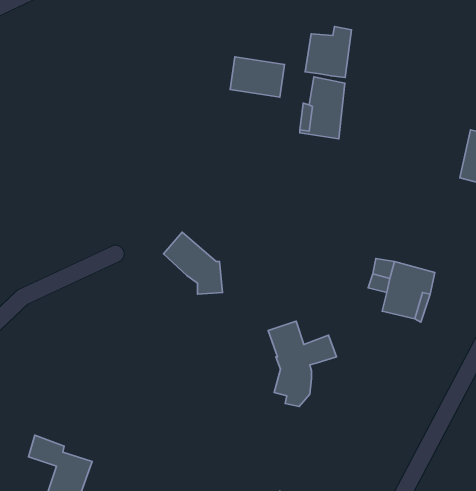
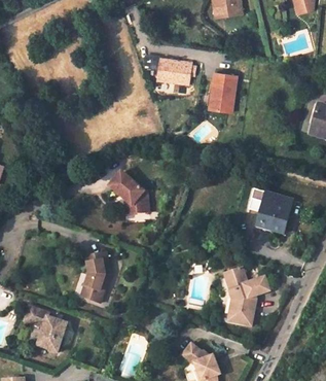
building: [305,27,352,78] -> none
building: [268,321,336,407] -> [224,268,269,324]
building: none -> [83,253,109,303]

